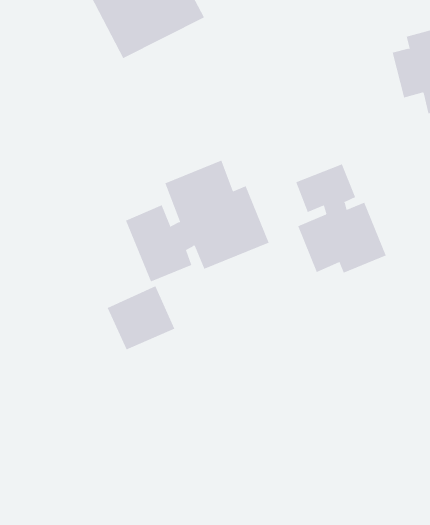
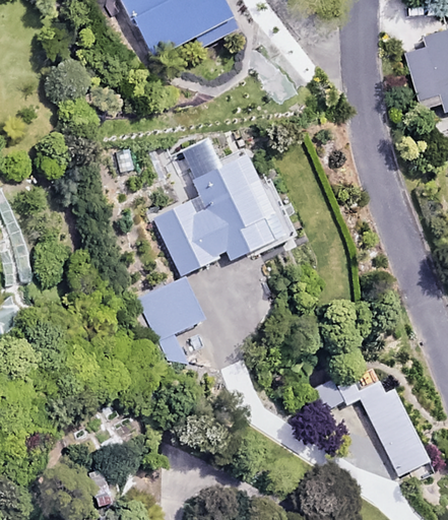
building: [295,163,387,273] -> none
building: none -> [335,363,431,480]

